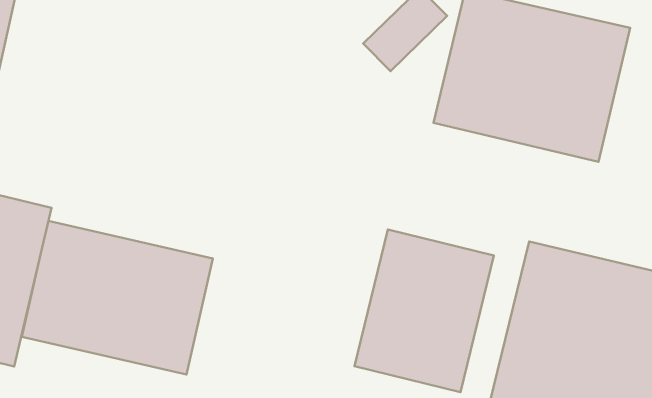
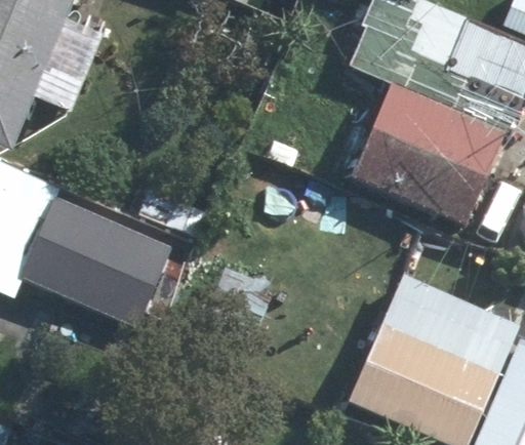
building: [355,230,494,392] -> none

